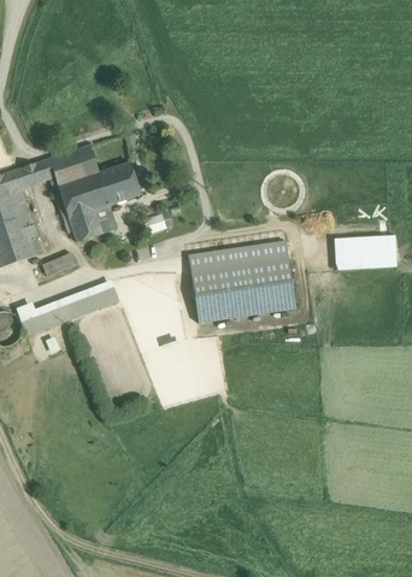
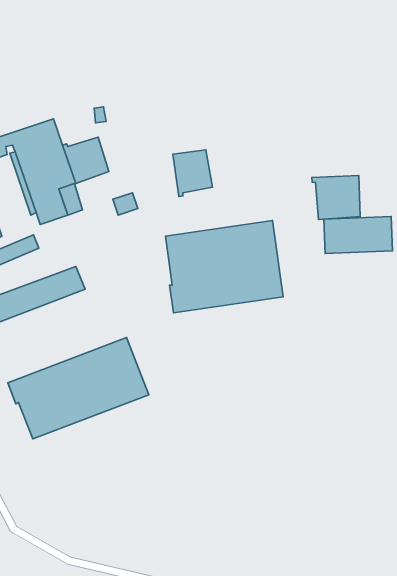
building: none -> [173,150,212,196]
building: none -> [312,176,360,220]
building: none -> [8,338,149,439]

